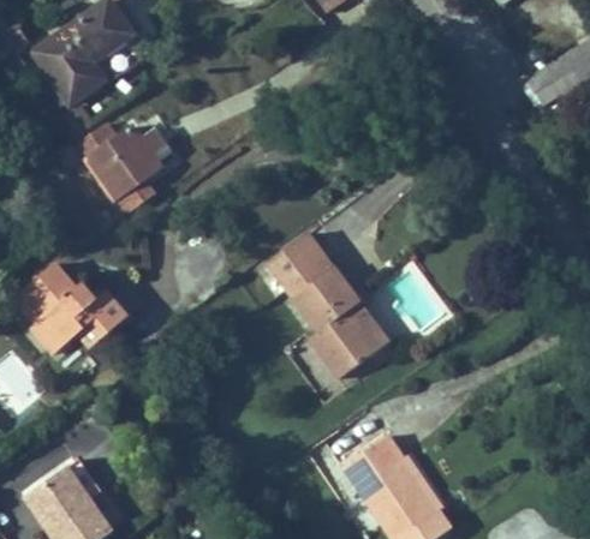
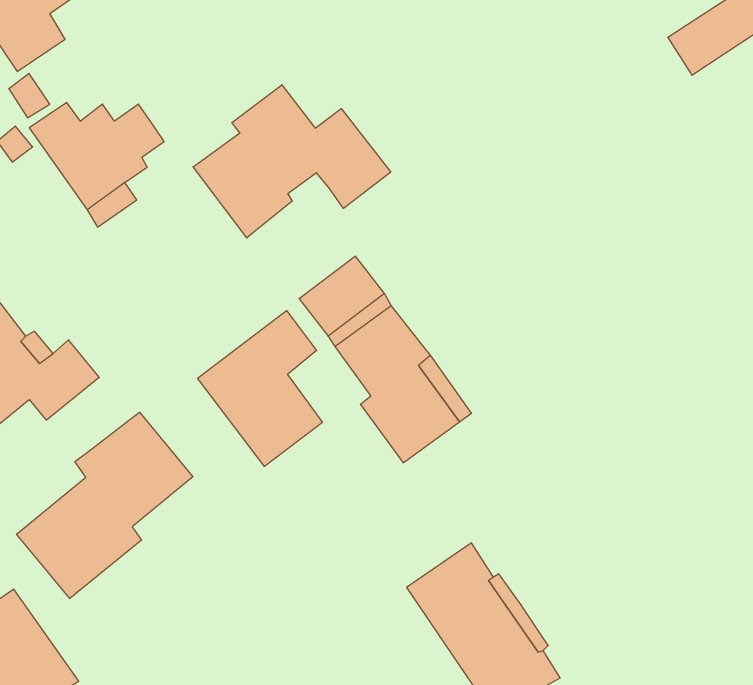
building: none -> [193,85,391,238]
building: none -> [198,311,323,466]
building: none -> [17,412,193,599]

